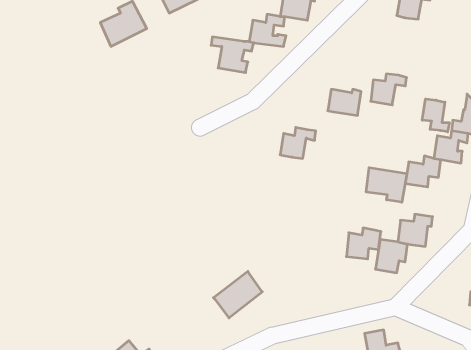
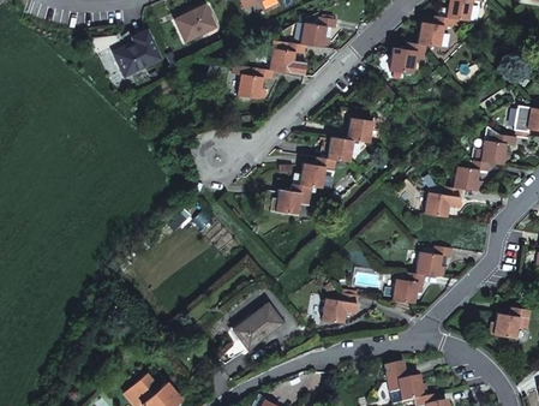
building: [371,74,407,105] -> [389,43,425,74]
building: [422,99,449,132] -> none
building: none -> [327,137,353,162]
building: none -> [270,184,311,216]
building: [366,168,407,202] -> none
building: [346,228,381,259] -> [327,292,361,323]

